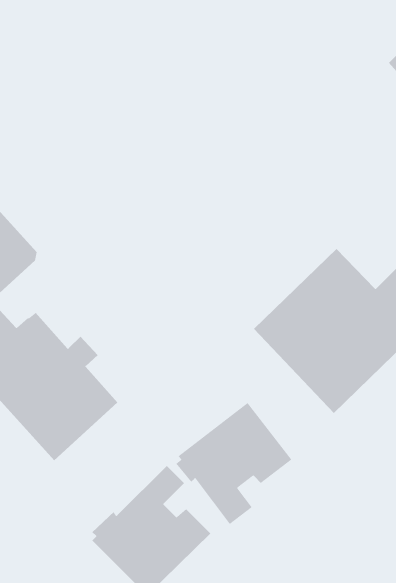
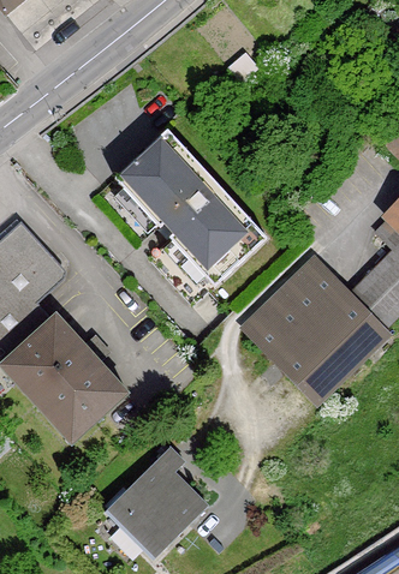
building: none -> [115,128,267,286]
building: [175,402,292,525] -> none

